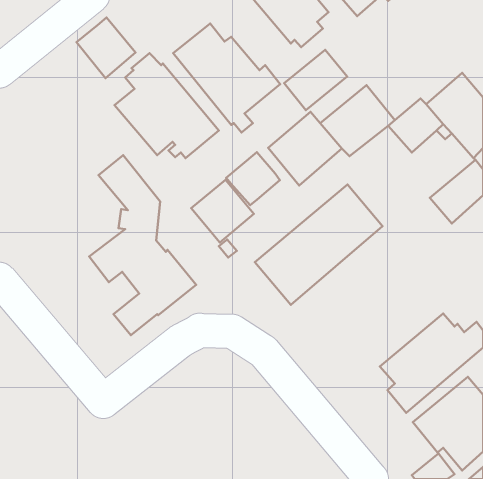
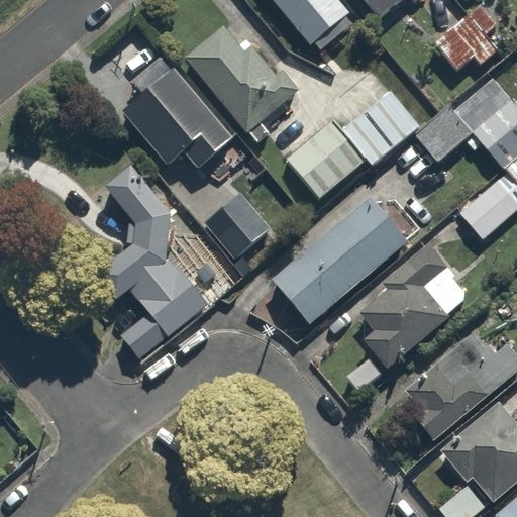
building: none -> [433,12,498,70]
building: [77,17,136,78] -> none
building: [284,50,347,110] -> none
building: [226,152,280,205] -> none
building: none -> [358,244,466,369]

